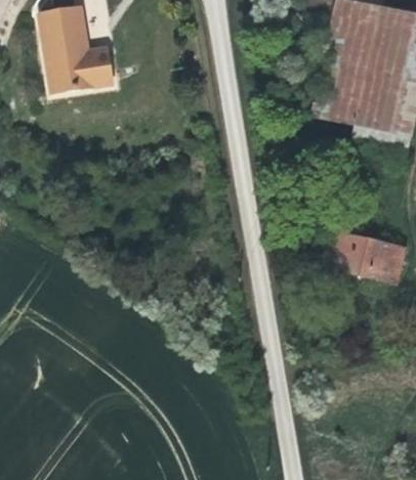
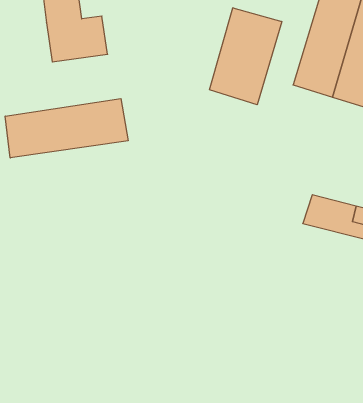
building: none -> [209,8,282,105]
building: none -> [5,99,128,158]

